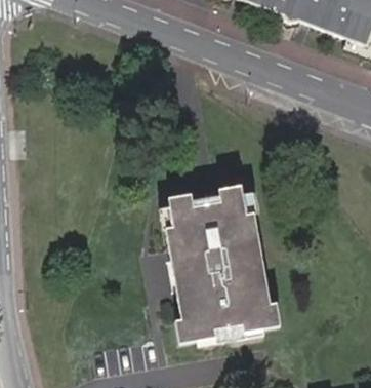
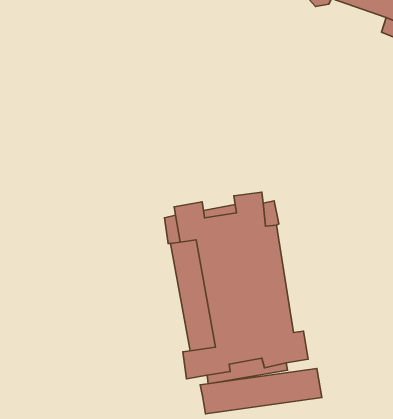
building: none -> [200,368,322,414]

